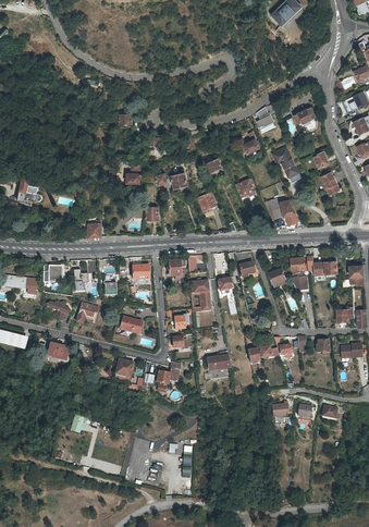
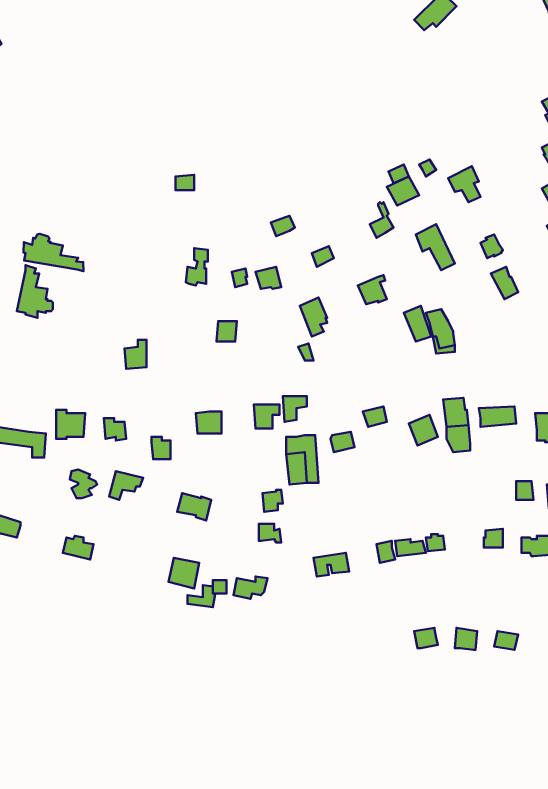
building: none -> [23,234,83,271]

